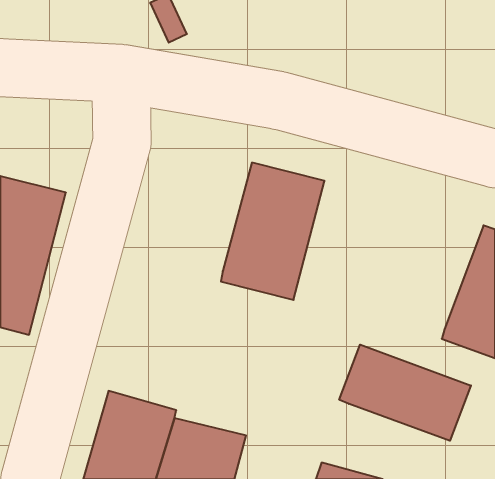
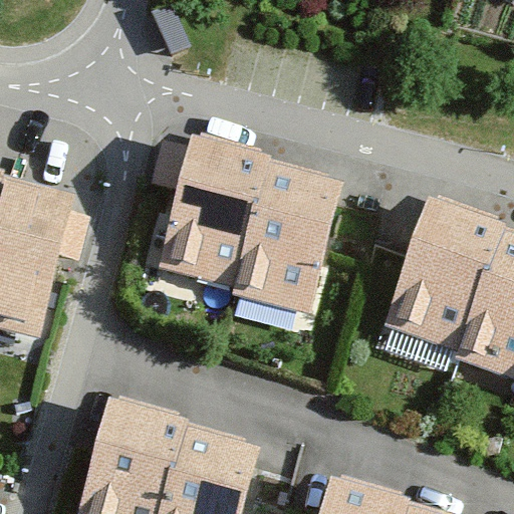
building: none -> [153,142,263,281]
building: none -> [389,200,504,341]
building: [339,345,471,441] -> none

